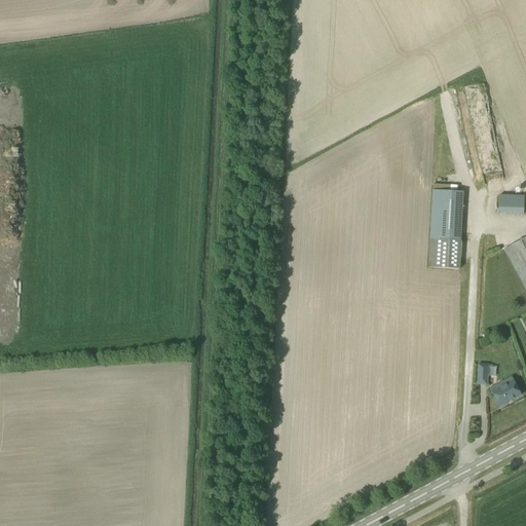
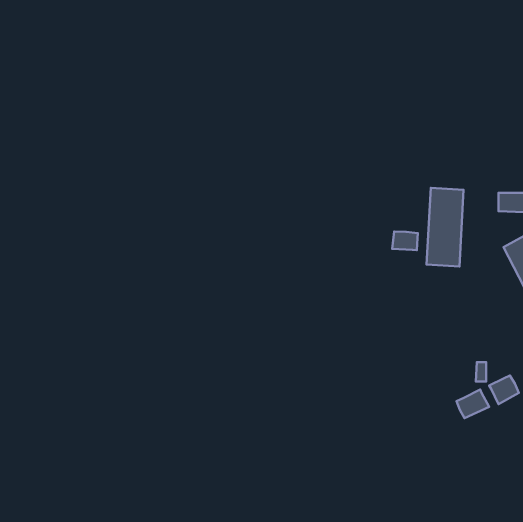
building: none -> [392,231,418,250]
building: none -> [457,389,489,418]

